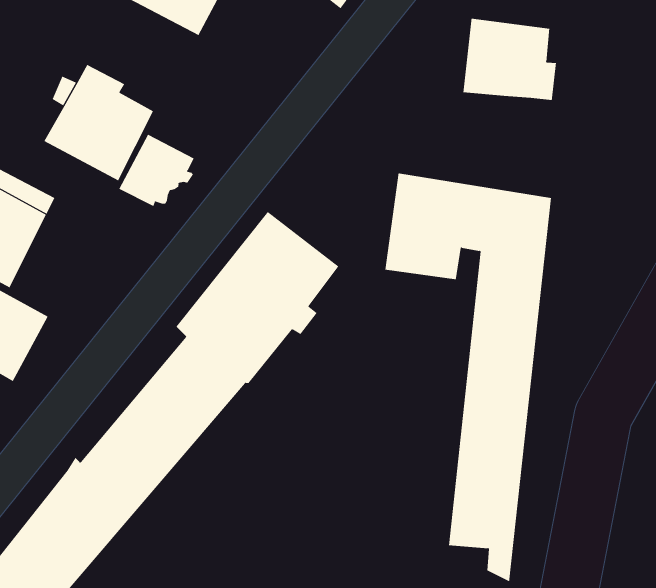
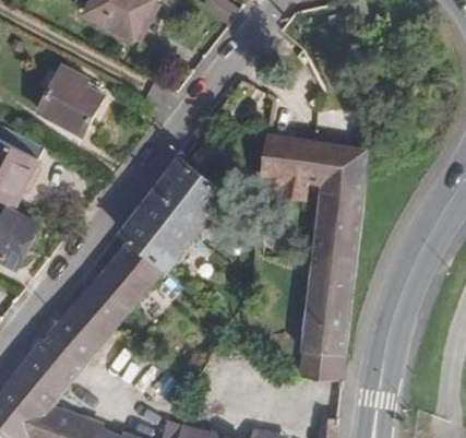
building: [463,18,557,101] -> none
building: [119,134,194,207] -> none

